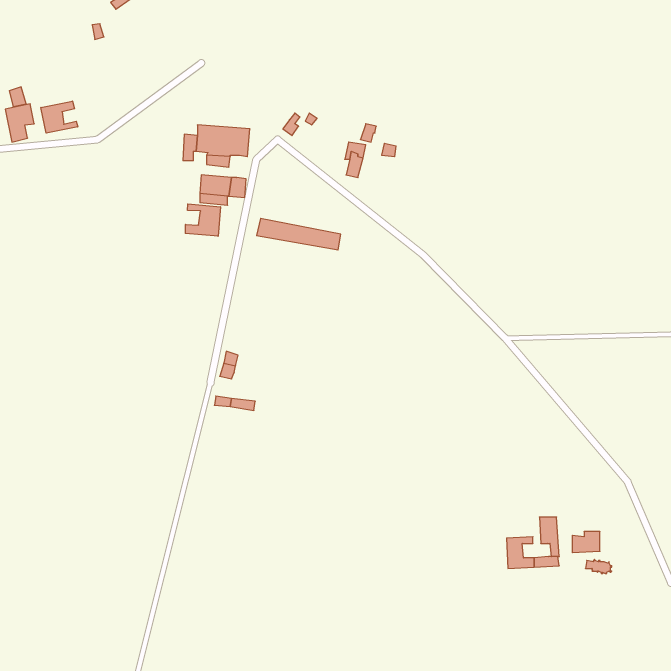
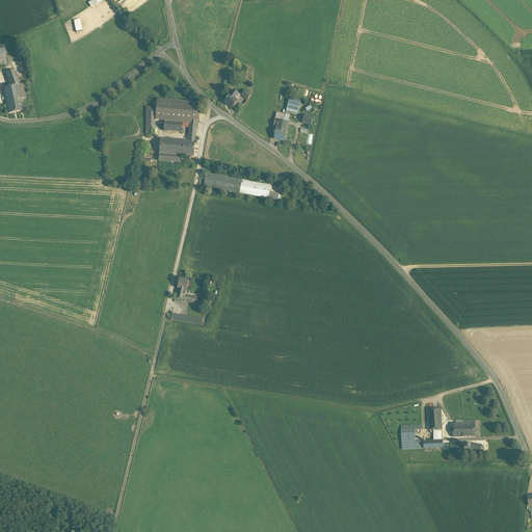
building: [41,101,78,133] -> none
building: [185,204,220,236] -> none

